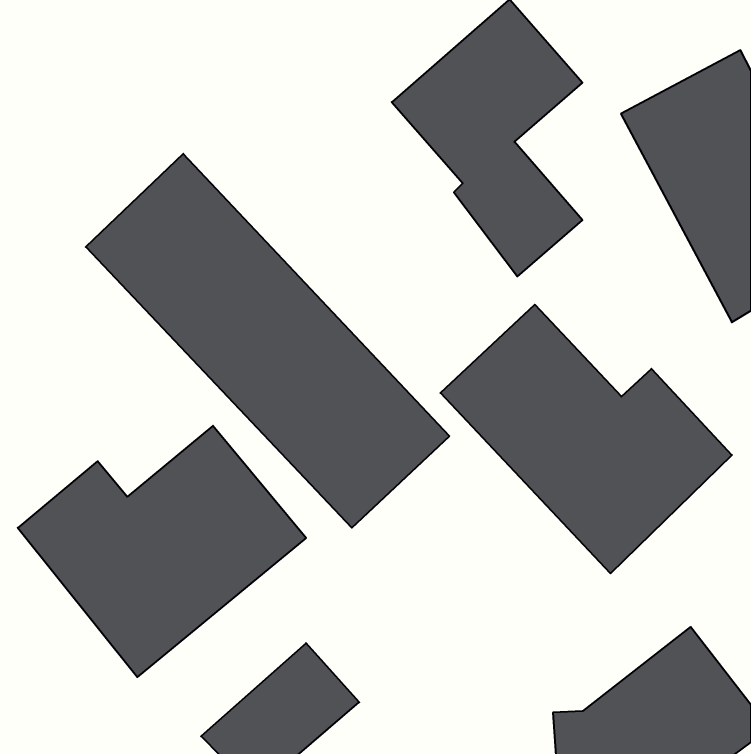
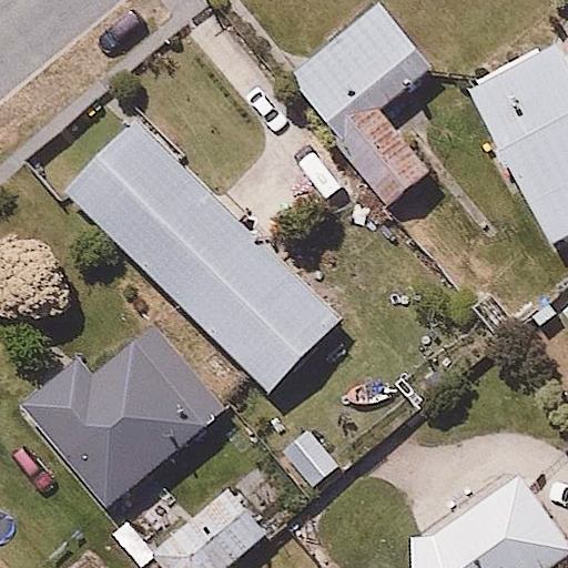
building: [440,305,732,573] -> none

